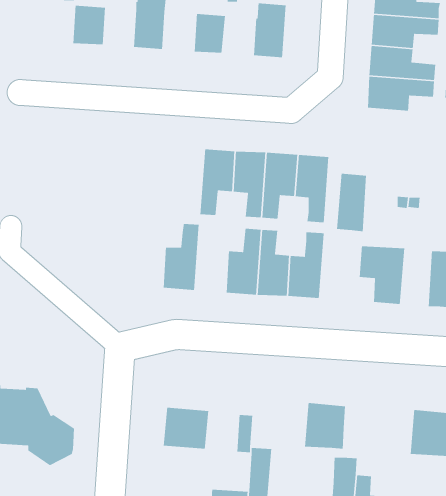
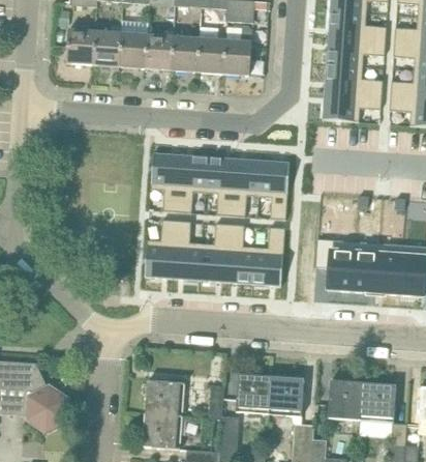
building: none -> [92,30,120,65]
building: none -> [144,34,173,69]
building: none -> [195,37,224,73]
building: none -> [150,151,180,211]
building: [336,173,367,232] -> [351,240,377,292]
building: none -> [172,220,201,280]
building: none -> [235,373,270,414]
building: none -> [327,379,362,421]
building: none -> [142,413,181,449]

